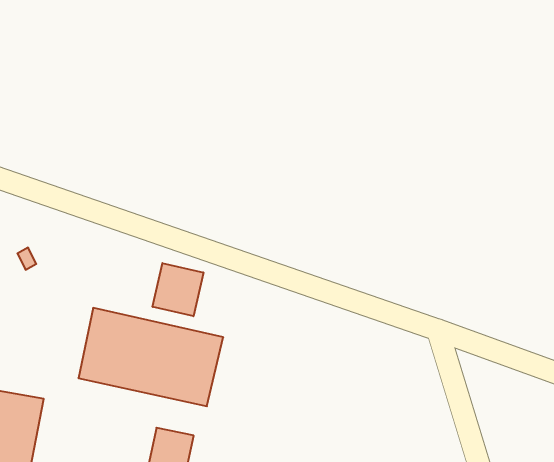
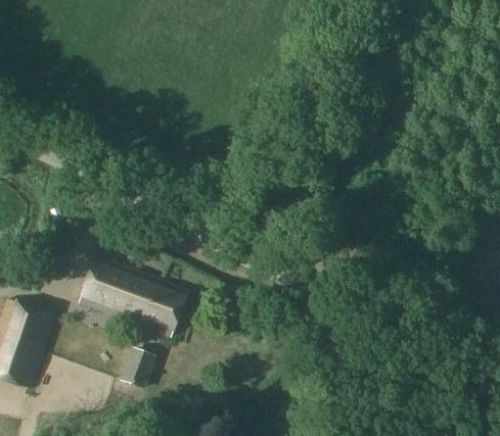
building: [153,263,203,316] -> none

